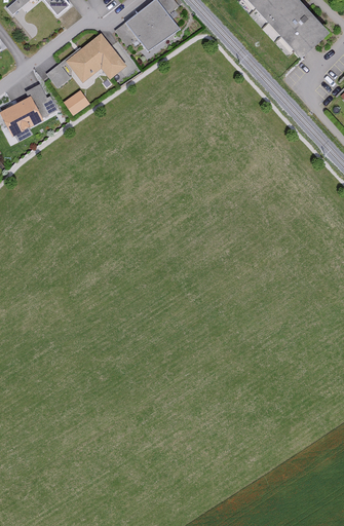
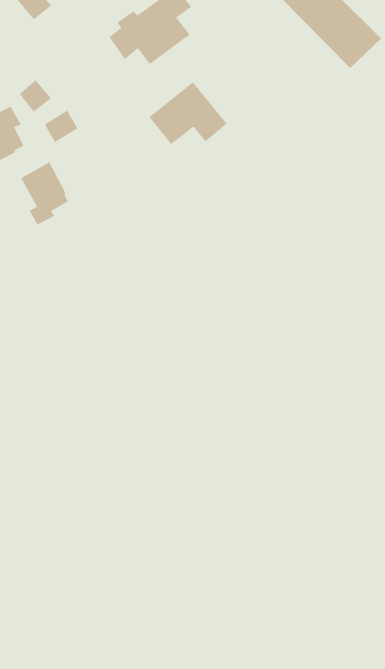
building: [66,33,127,82] -> [148,81,228,145]
building: none -> [20,162,69,225]

